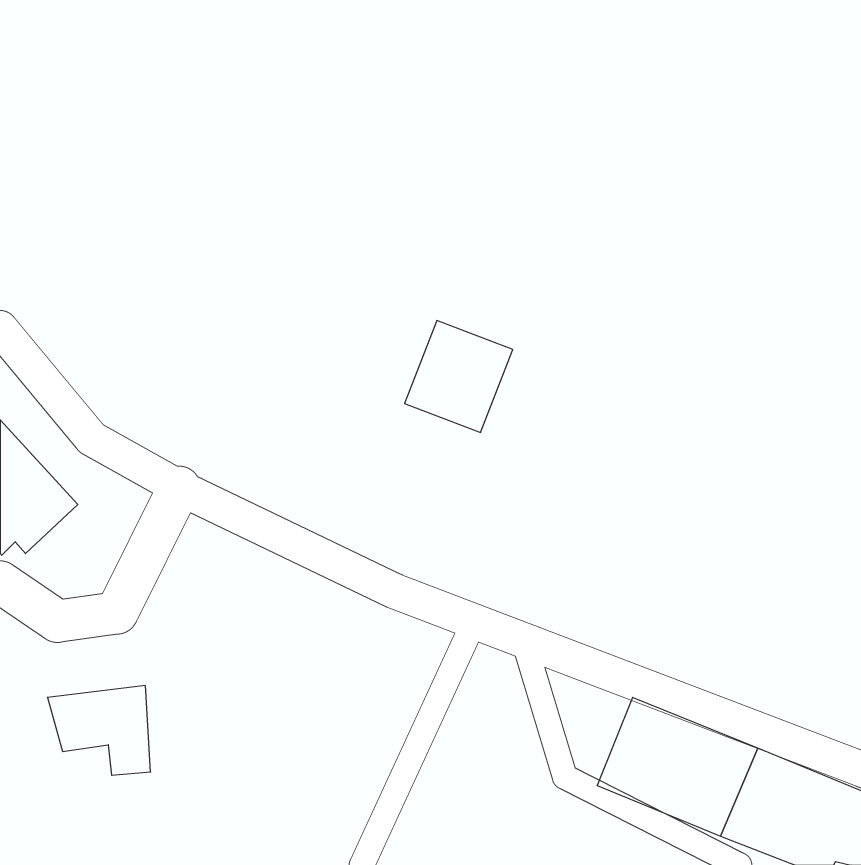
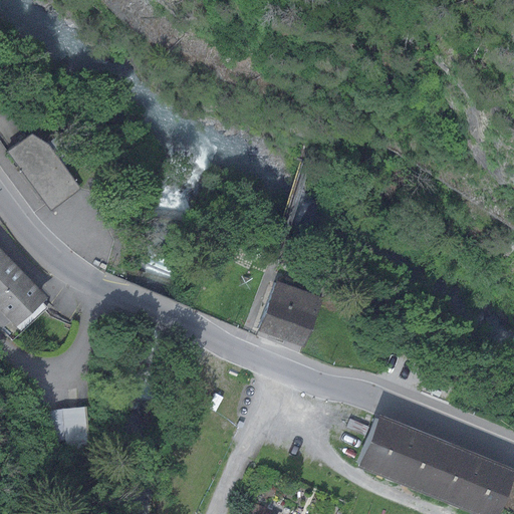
building: none -> [8,134,83,212]
building: [405,321,513,432] -> [256,280,320,346]

